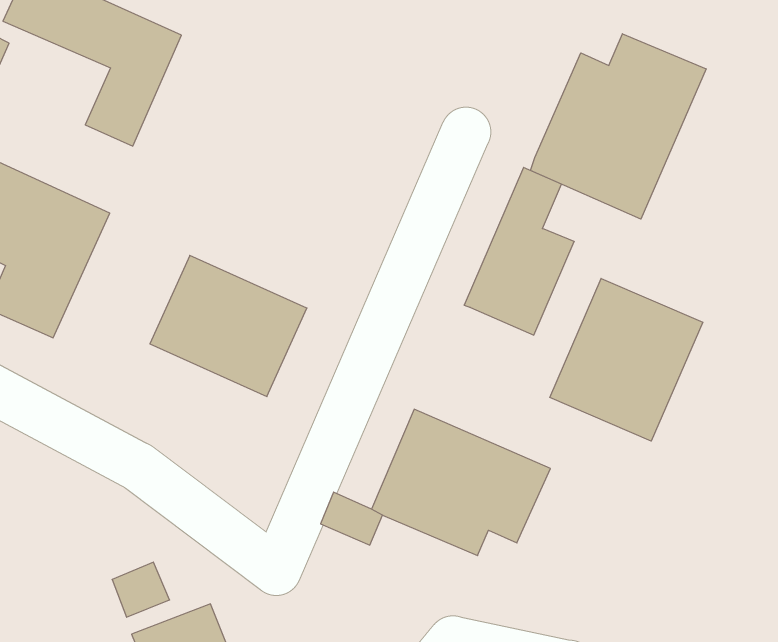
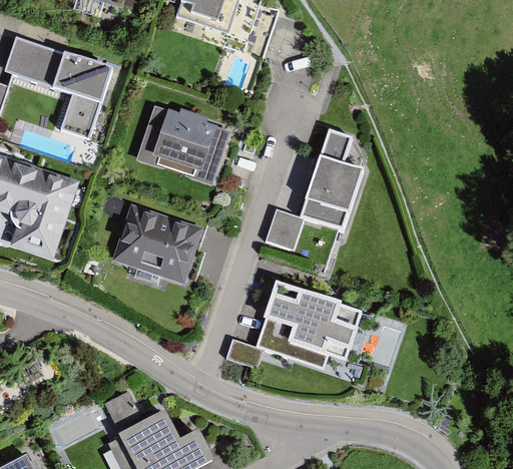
building: [530,34,706,219] -> none
building: none -> [135,104,229,183]
building: [550,278,703,441] -> none
building: none -> [264,207,304,250]

